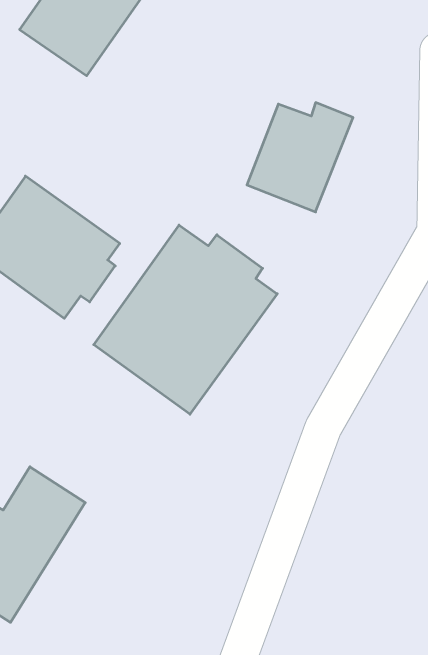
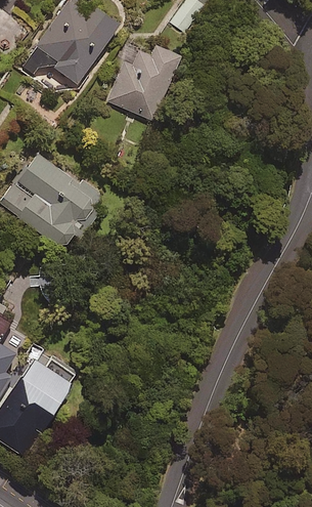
building: [247,103,353,212] -> [107,45,180,120]
building: [94,225,277,414] -> none

